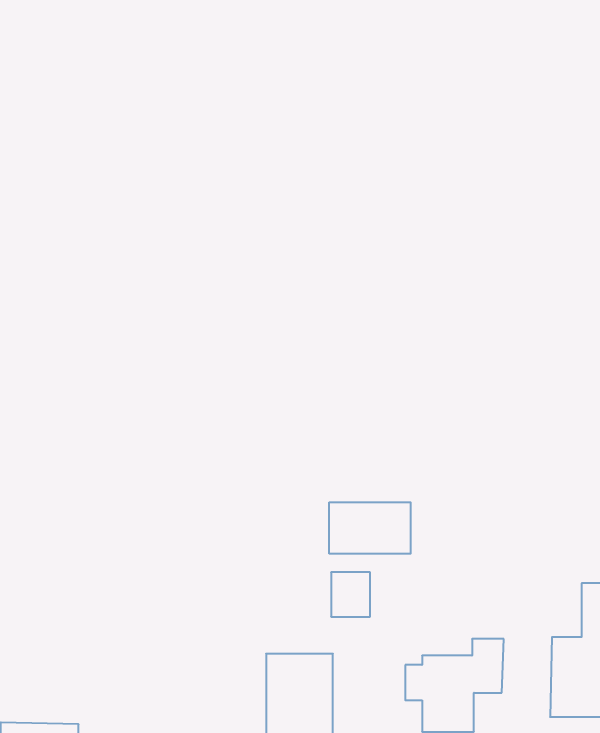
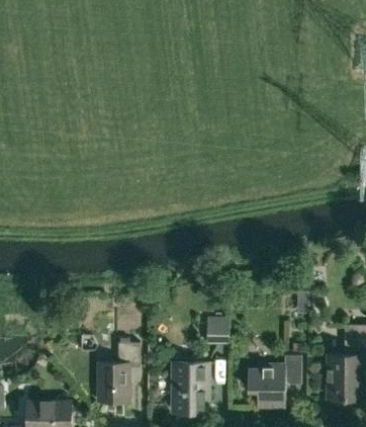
building: [329,502,411,554] -> none
building: none -> [97,342,140,401]

